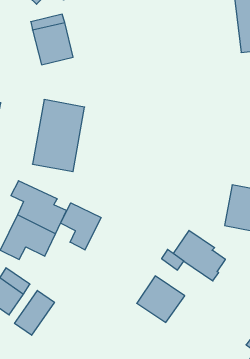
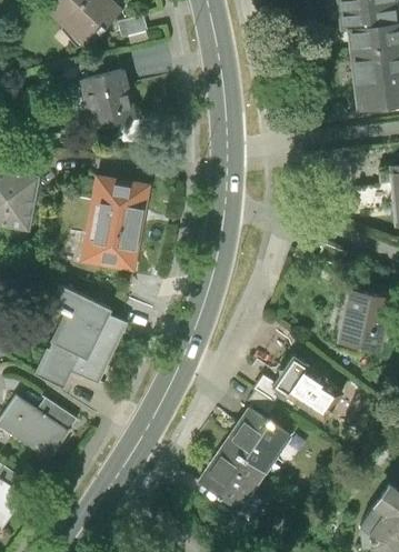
building: [61,203,101,250] -> none
building: [15,290,54,335] -> none
building: none -> [197,448,260,510]

